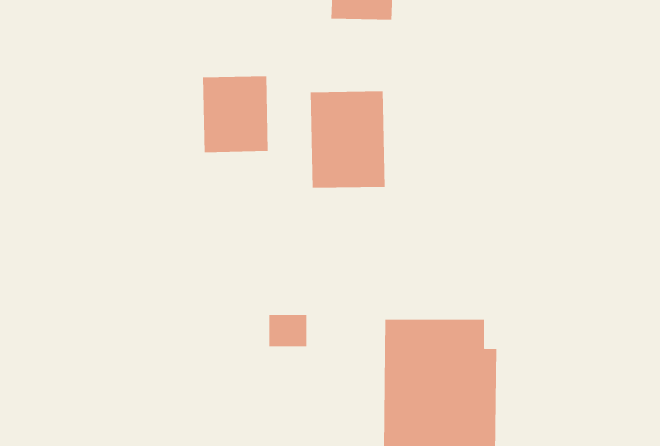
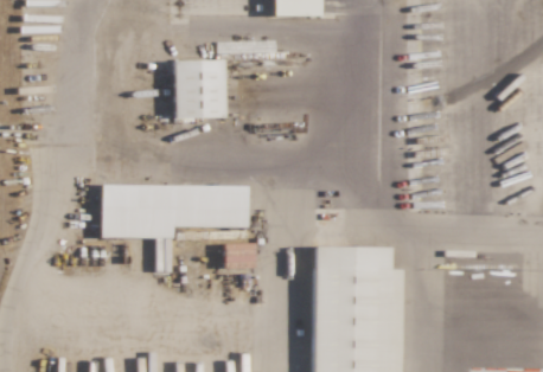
building: [310,91,385,189] -> none
building: none -> [102,185,249,238]

